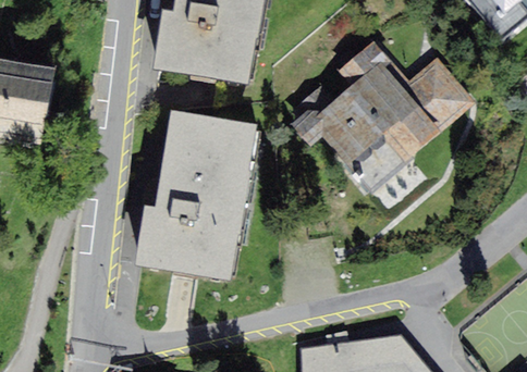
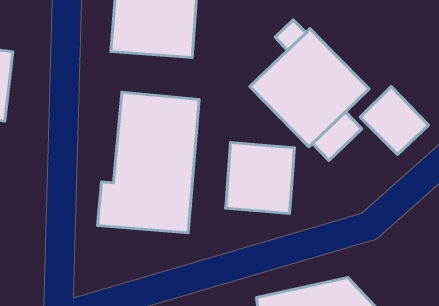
building: [401,58,474,132] -> [360,86,428,155]
building: none -> [226,143,294,214]

